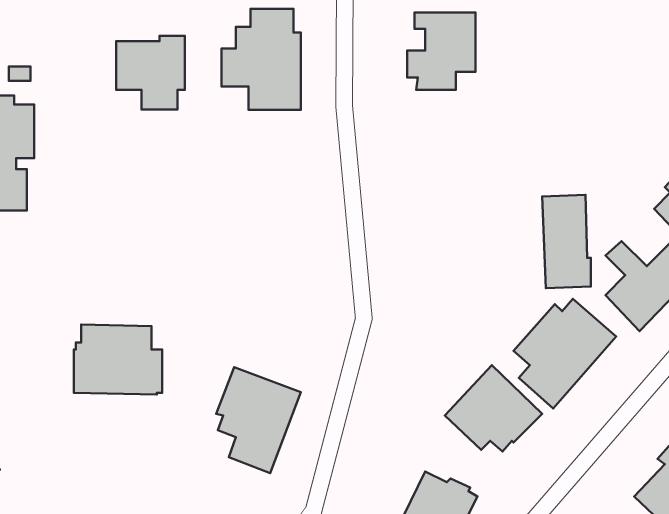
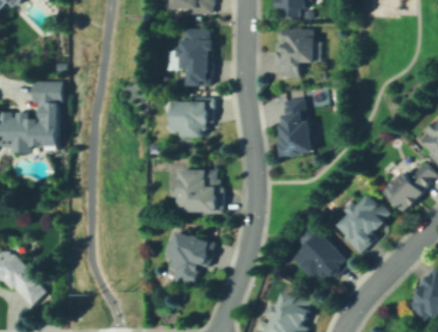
building: [116,36,185,110] -> [166,97,205,139]
building: [542,195,591,288] -> [280,100,308,153]
building: [74,324,162,395] -> [173,171,223,211]

